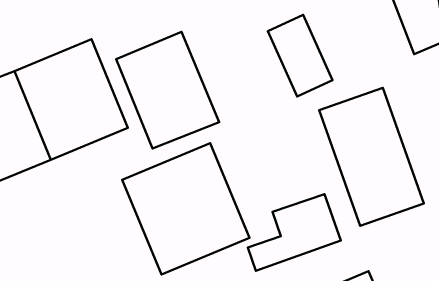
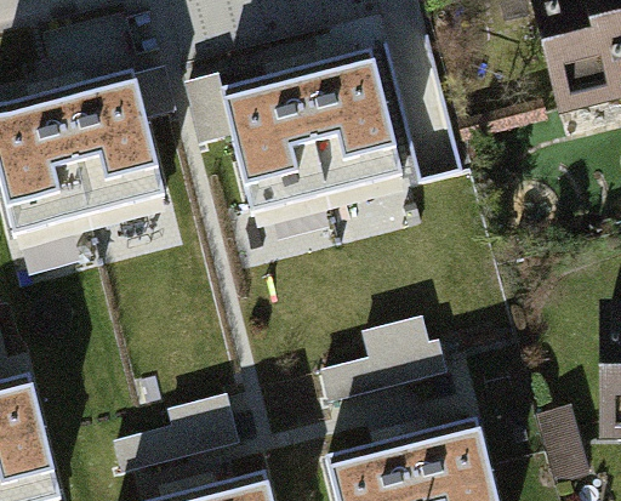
building: none -> [281,55,403,201]
building: [319,88,424,226] -> none
building: [122,143,250,274] -> none

